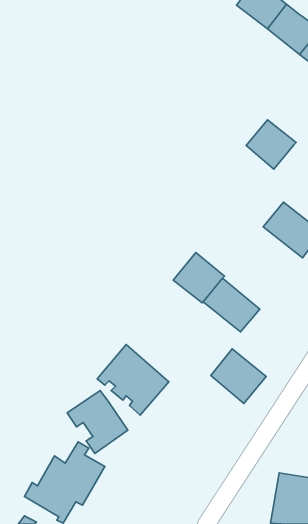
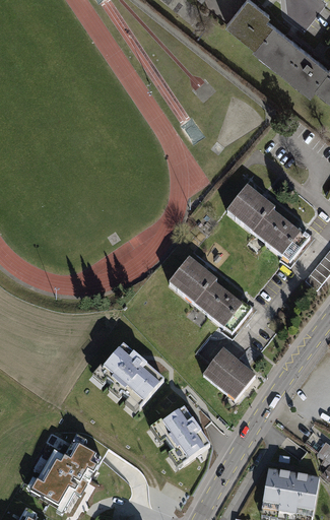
building: [246,120,296,169] -> [226,186,274,233]
building: [67,390,128,454] -> [153,408,211,468]

